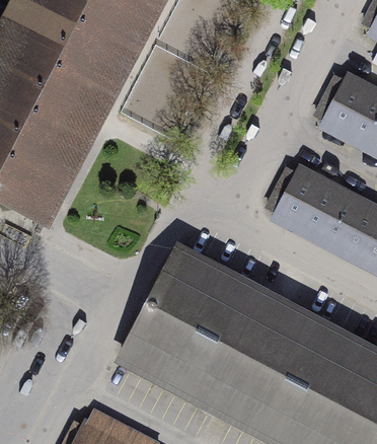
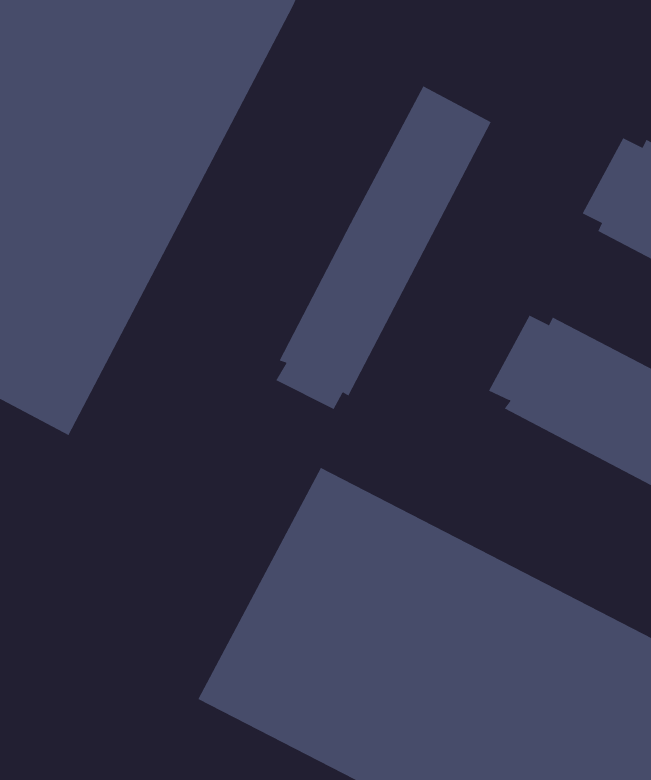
building: none -> [276,85,492,410]

